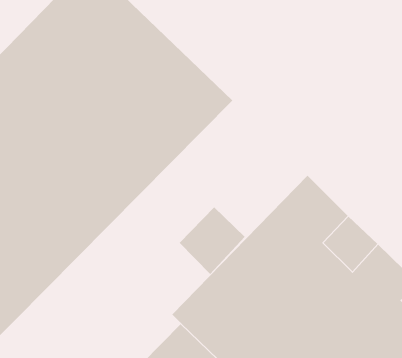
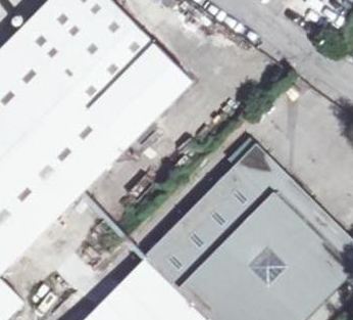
building: [179,207,245,275] -> none

